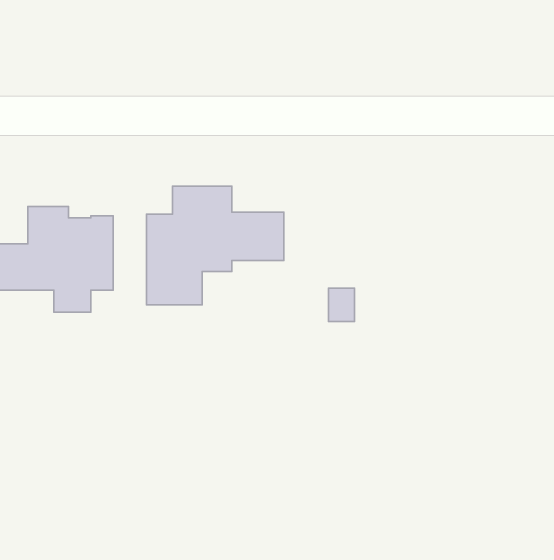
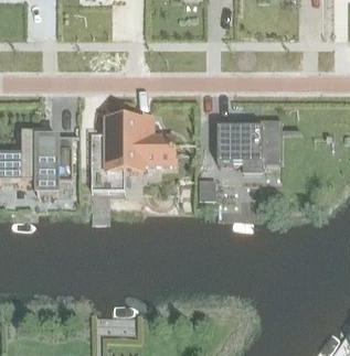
building: none -> [218,120,282,172]

